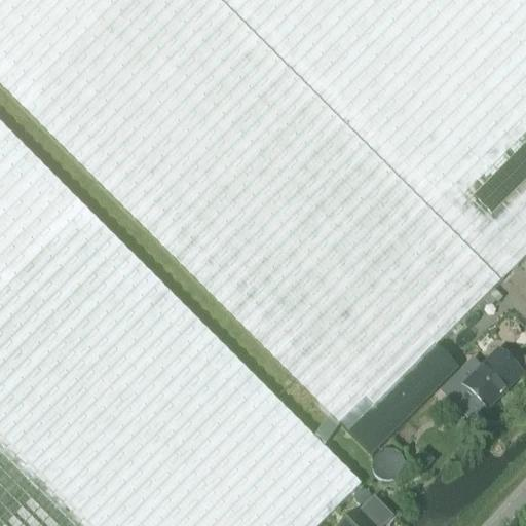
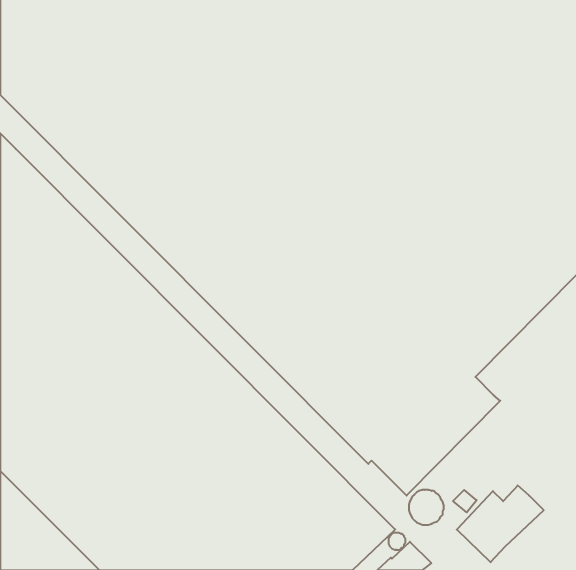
building: [440,348,519,418] -> [457,485,544,562]

